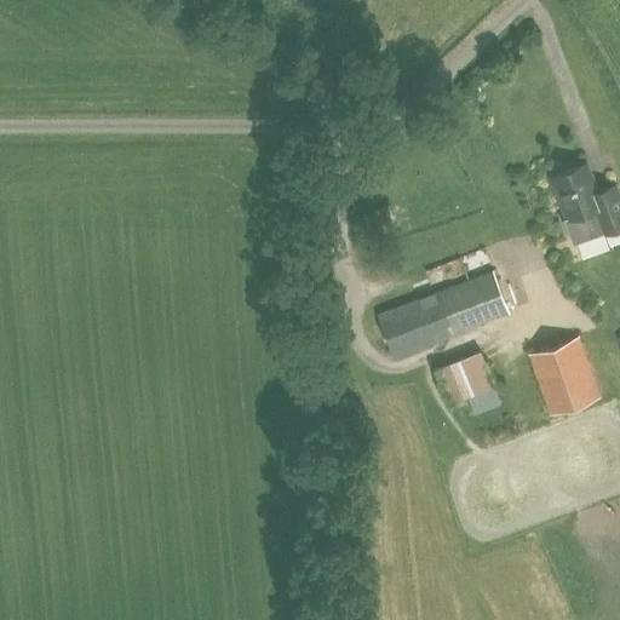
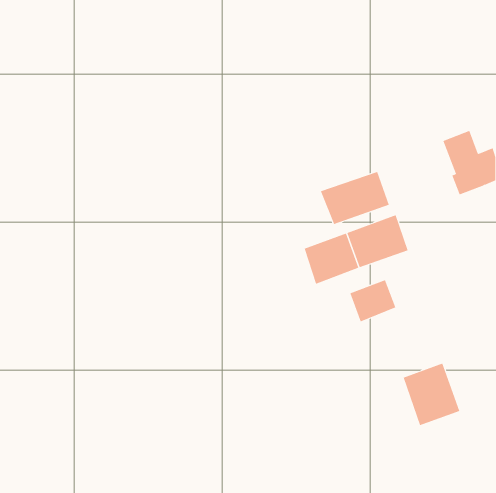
building: none -> [320,171,390,225]
building: [529,338,601,417] -> [403,363,460,426]

